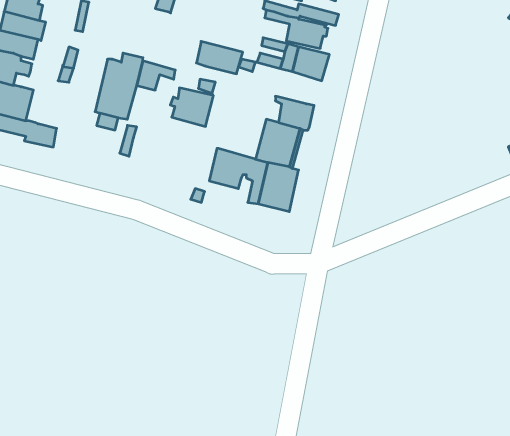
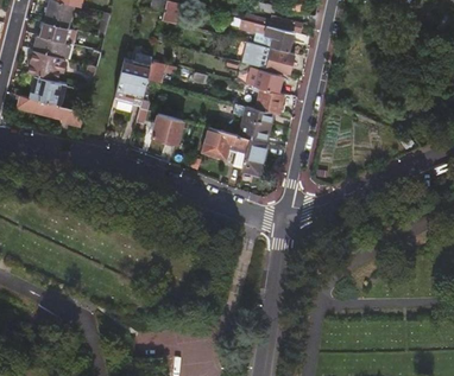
building: [196,41,243,74] -> [246,68,282,93]
building: [170,88,213,126] -> [150,114,183,144]

